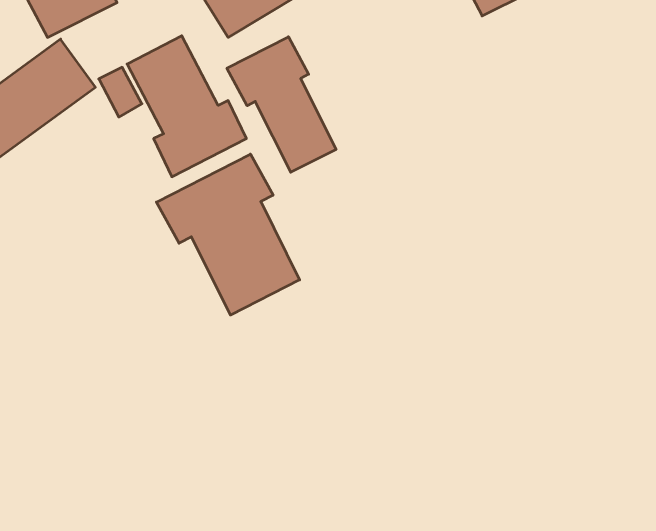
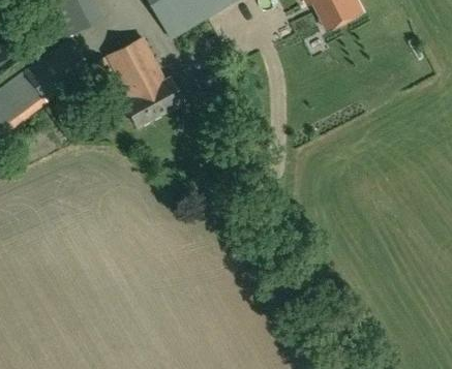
building: [227,37,336,172] -> none
building: [156,154,300,315] -> none

